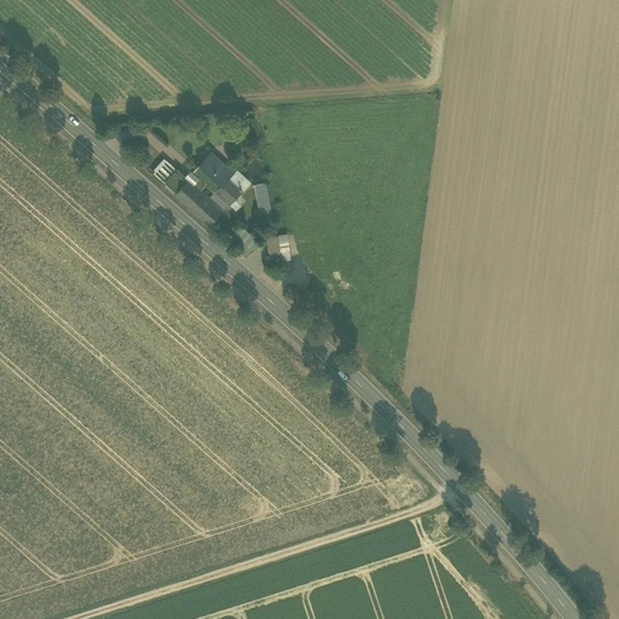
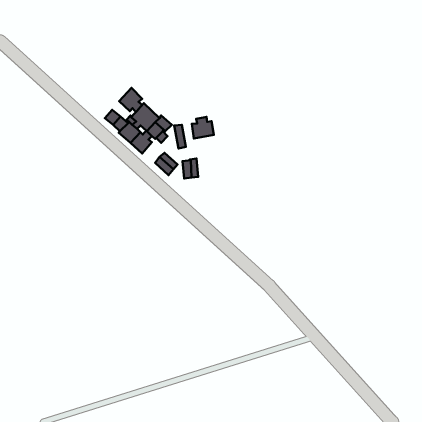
building: none -> [119,88,142,112]
building: none -> [192,117,214,139]

